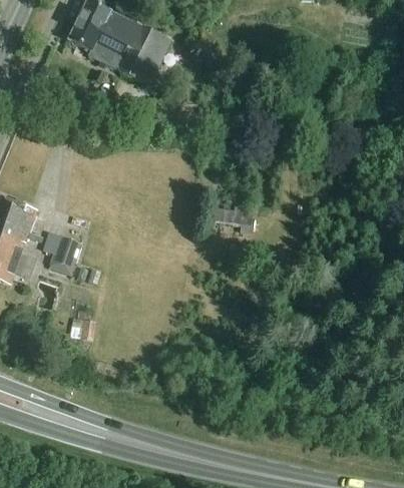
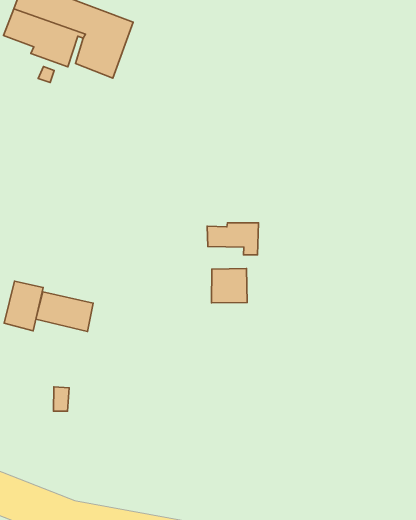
building: none -> [212,269,247,303]
building: none -> [36,292,93,331]

